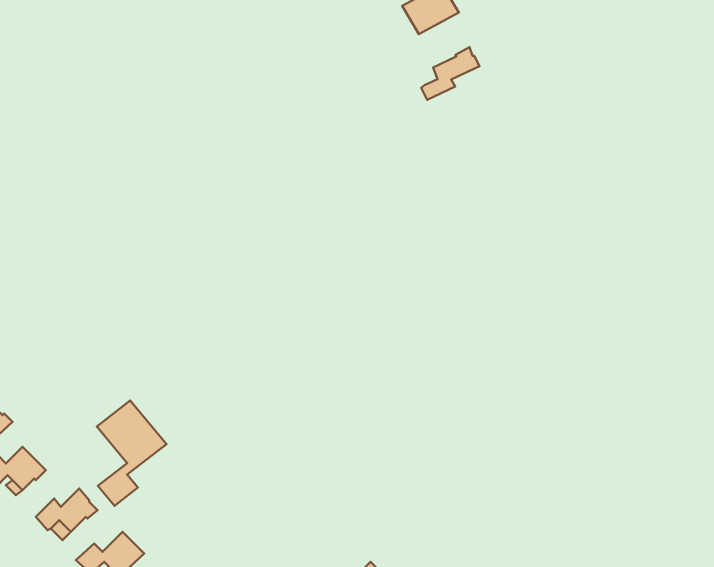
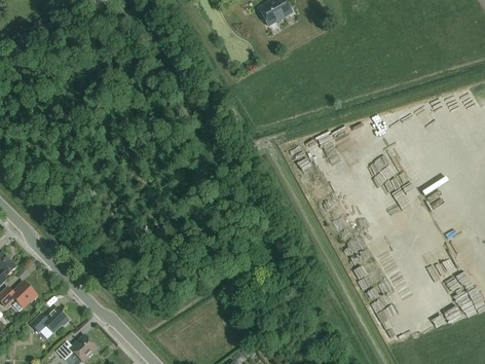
building: [421,47,479,100] -> none
building: [97,401,167,506] -> none

